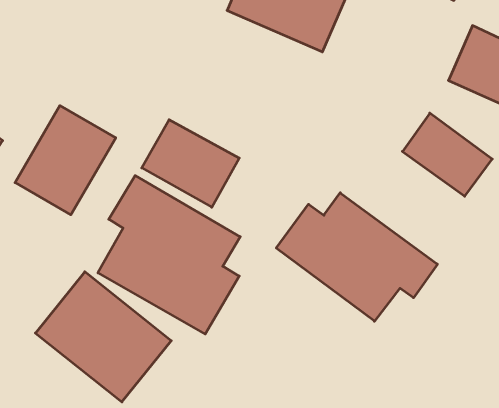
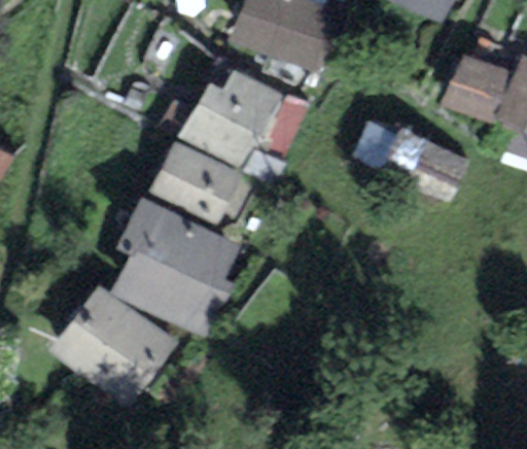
building: none -> [178,67,292,174]
building: [15,106,116,215] -> none
building: [276,193,437,321] -> none

